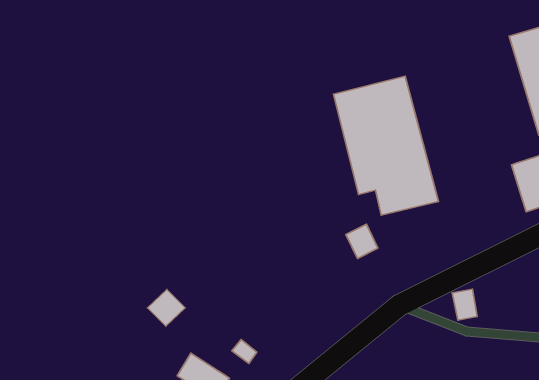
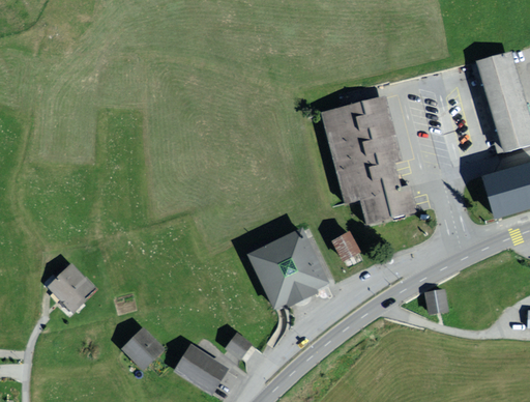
building: none -> [245,227,329,310]
building: none -> [52,267,91,307]
building: [148,290,185,326] -> [126,333,160,366]

